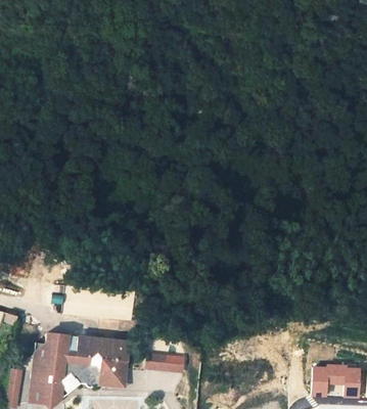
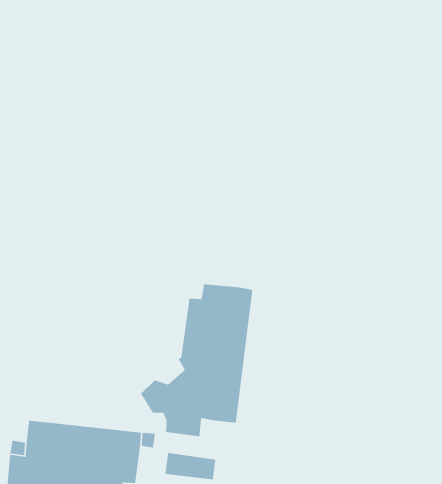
building: none -> [140,284,253,437]

